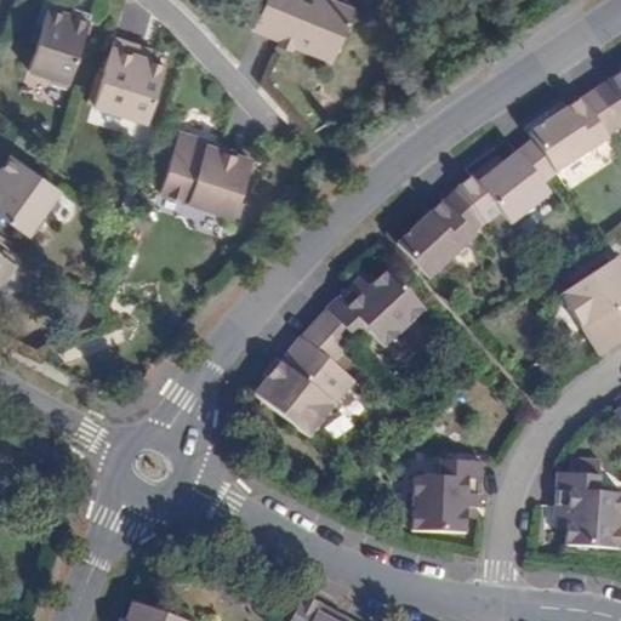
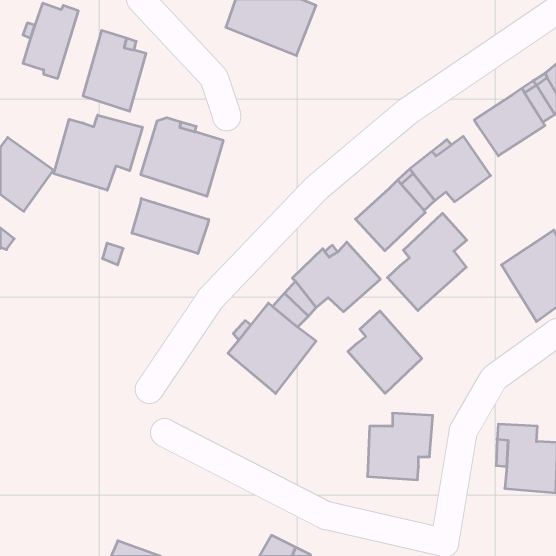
building: none -> [54,115,142,190]
building: none -> [132,198,209,254]
building: none -> [387,213,467,311]
building: none -> [348,311,422,393]

